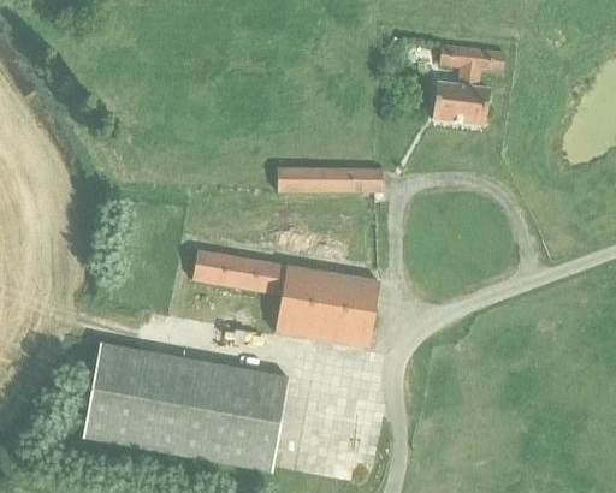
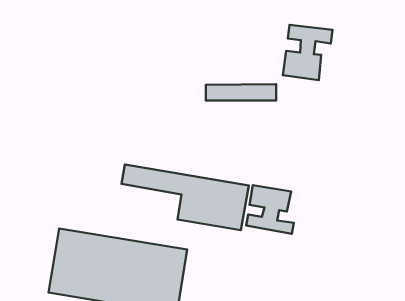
building: [277,166,381,190] -> [206,84,276,100]
building: none -> [246,185,294,234]

